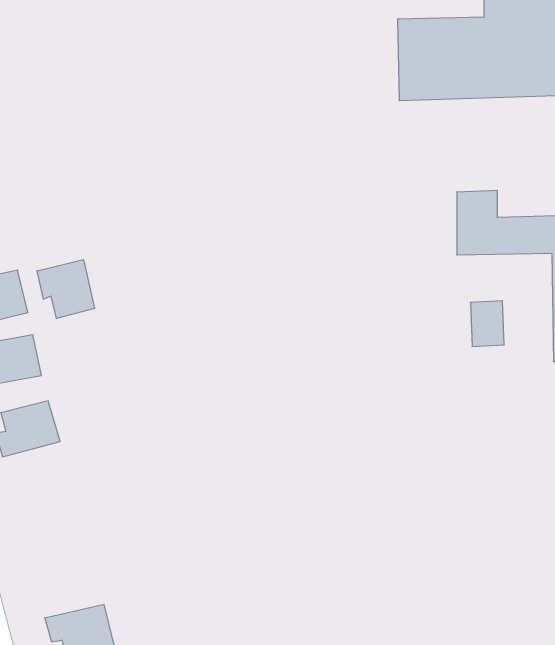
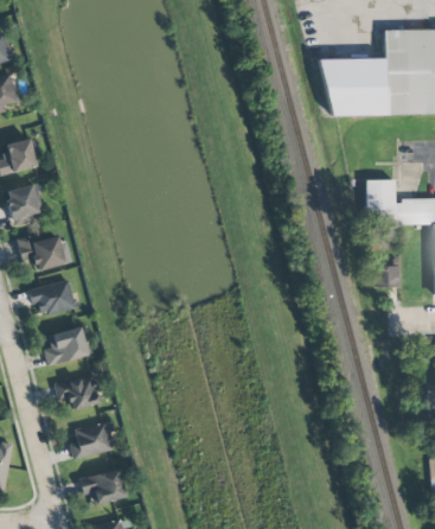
building: [37,260,94,318] -> none
building: none -> [53,374,100,410]
building: none -> [69,419,114,460]

